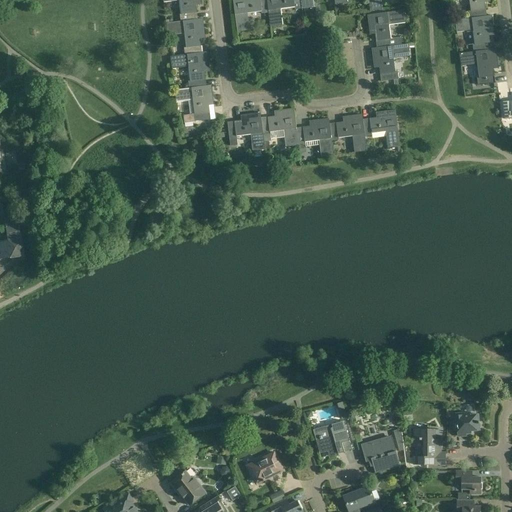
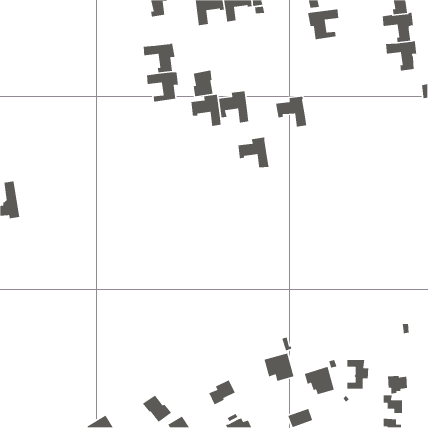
building: [166,17,204,54] -> none
building: [371,43,409,81] -> none
building: none -> [193,70,213,97]
building: [361,110,399,148] -> none
building: [295,118,333,156] -> [237,136,269,168]
building: [453,412,478,435] -> [387,375,408,394]

